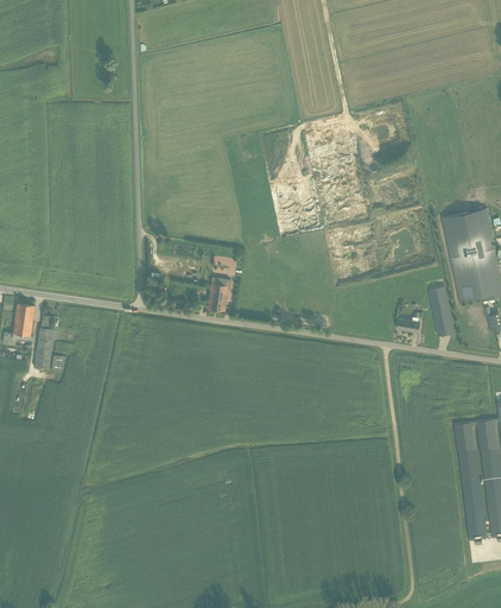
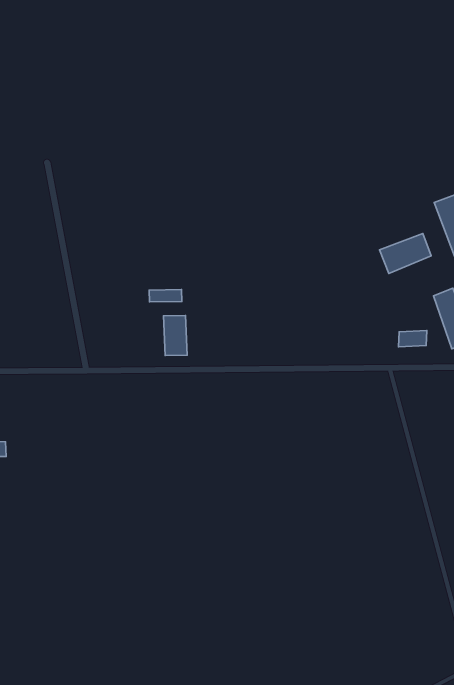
building: none -> [380,234,431,274]

